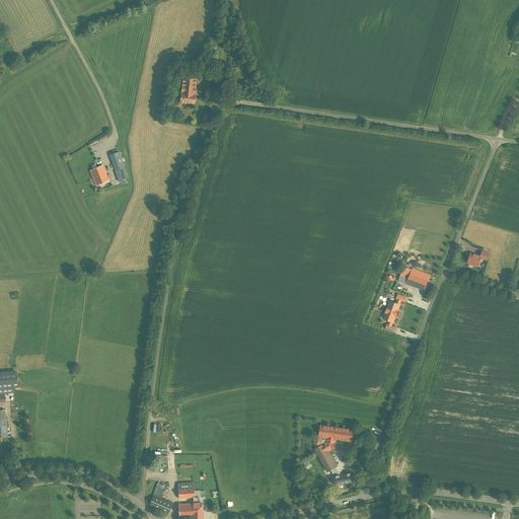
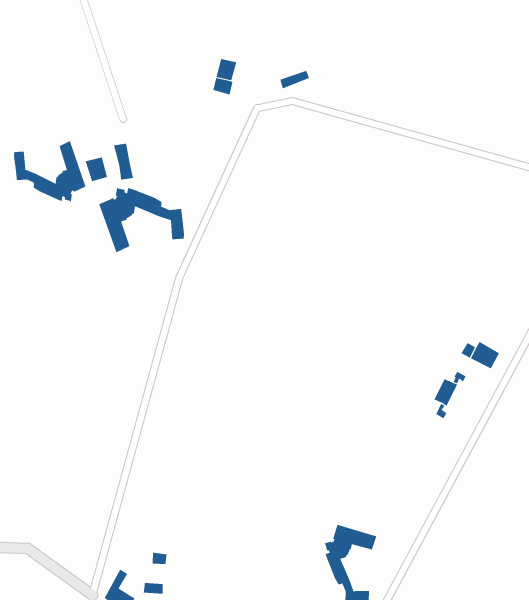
building: none -> [14,140,86,203]
building: none -> [99,187,185,253]

